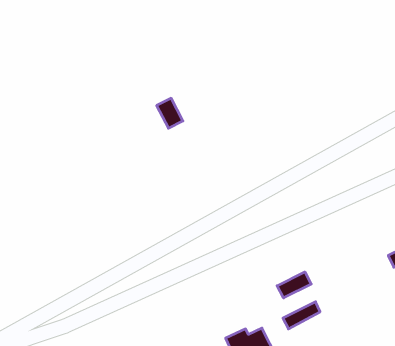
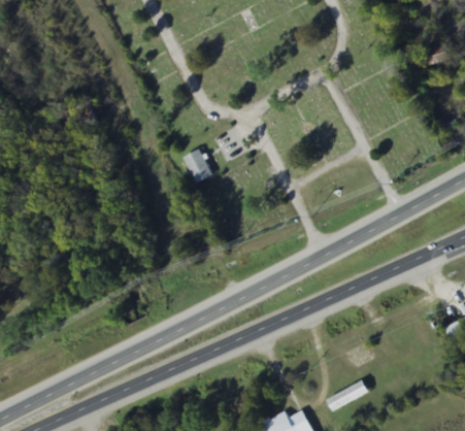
building: [277,272,311,298] -> none

